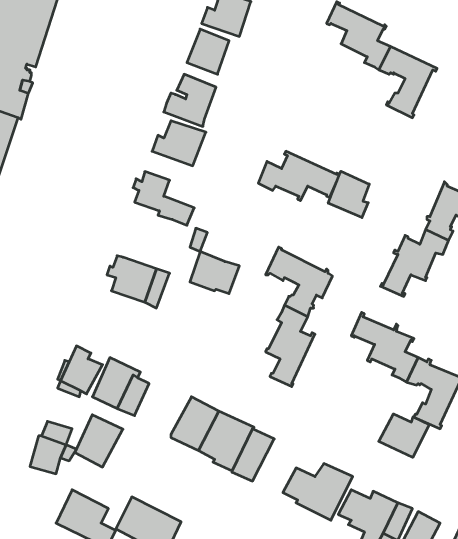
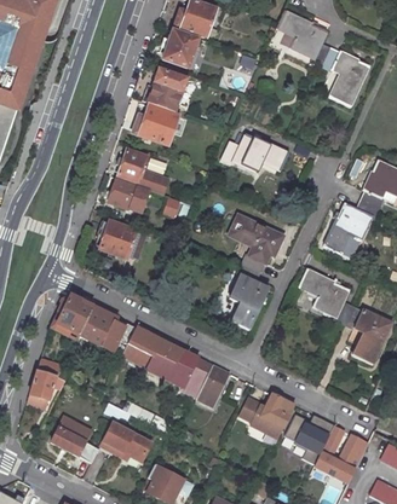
building: [328,171,369,218] -> none
building: [190,251,239,294] -> [108,178,149,213]
building: [379,414,429,457] -> none
building: [75,415,123,467] -> [125,325,165,369]

